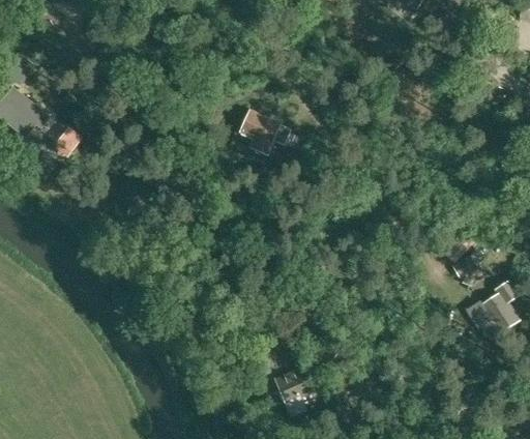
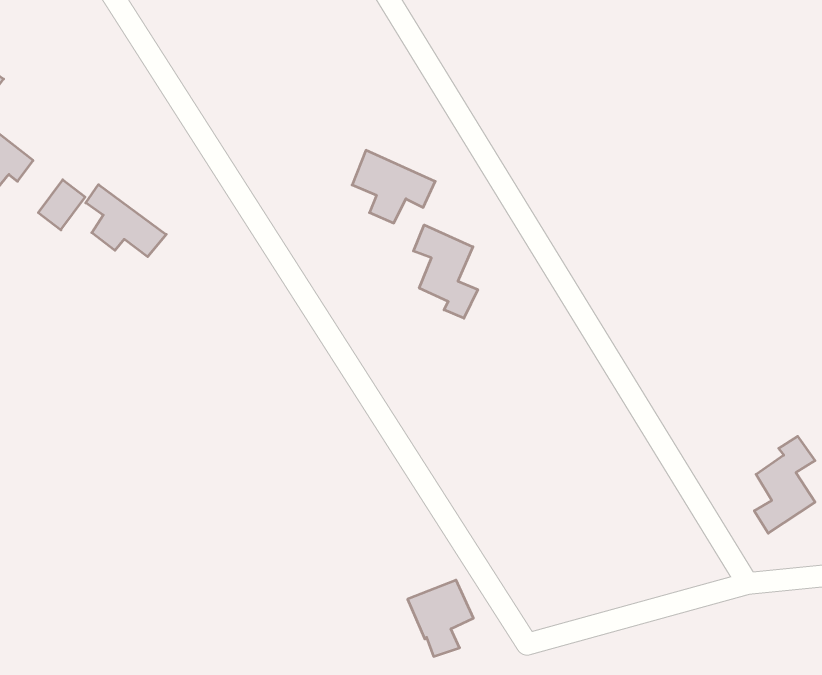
building: none -> [86,185,166,257]
building: none -> [413,225,478,318]

